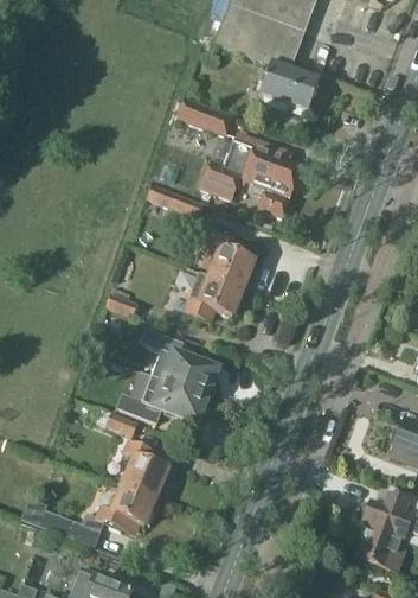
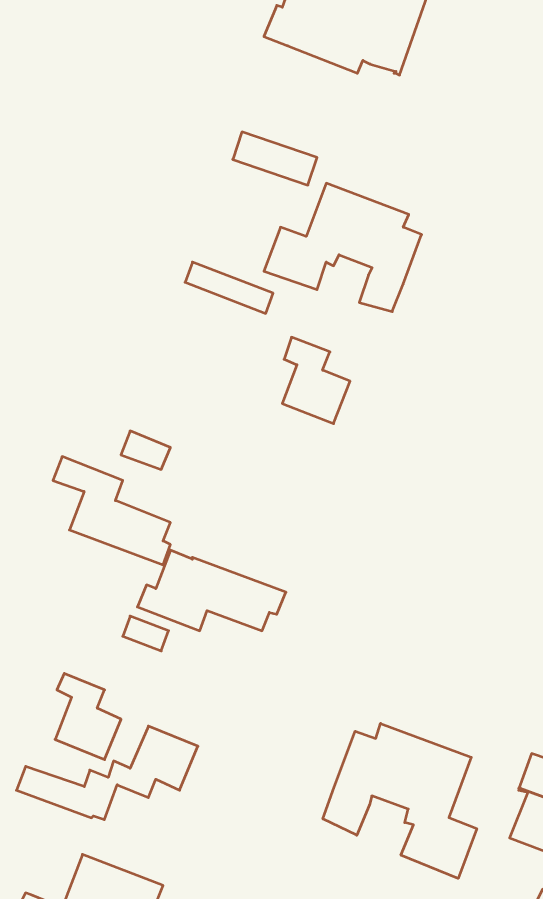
building: [258,53,319,112] -> none
building: [185,272,243,320] -> none
building: [141,327,217,397] -> [53,457,170,565]
building: [123,441,166,497] -> [55,673,121,760]
building: none -> [323,723,477,878]

